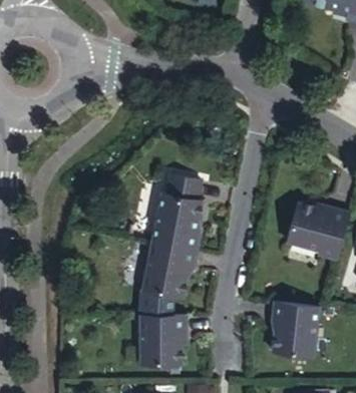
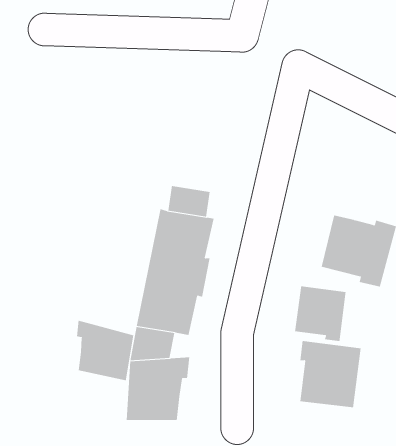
building: none -> [294,286,346,342]
building: none -> [77,320,134,381]

